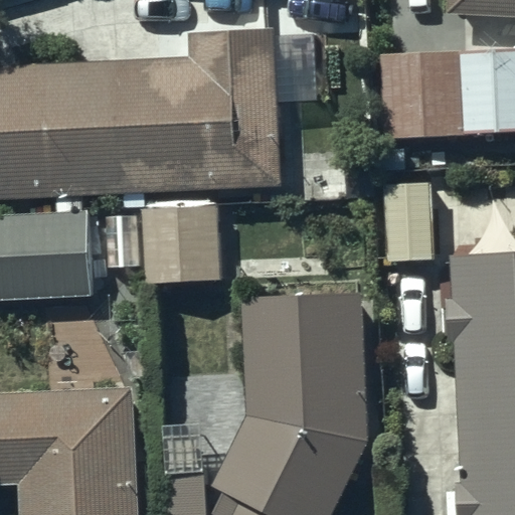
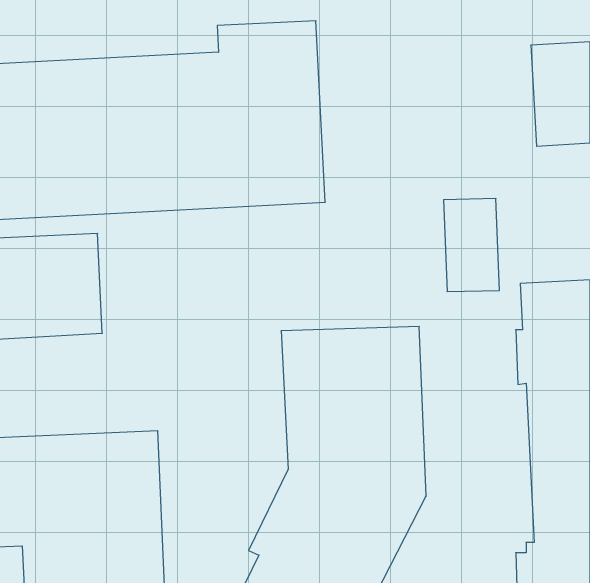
building: [380,48,465,140] -> none
building: [141,203,219,284] -> none

